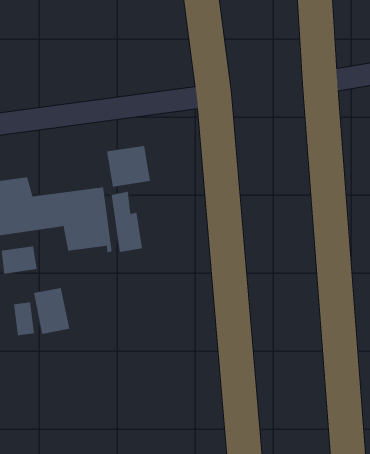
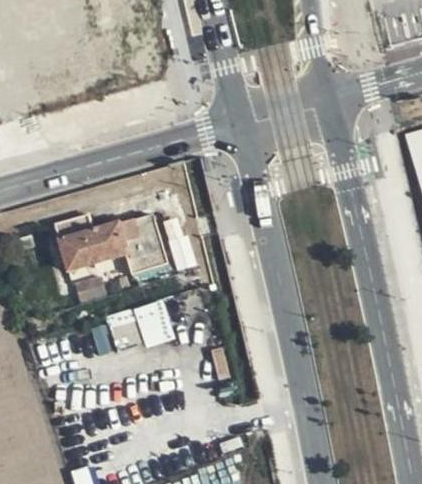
building: [107,145,150,187] -> none
building: none -> [133,298,176,348]

